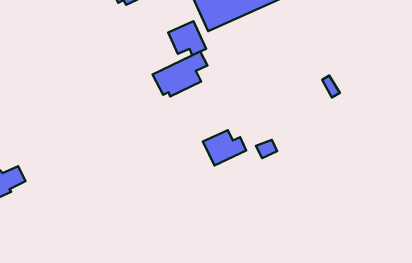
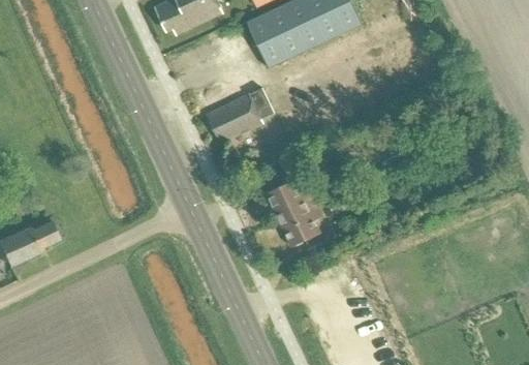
building: [168,21,206,55] -> none
building: none -> [278,204,321,248]

